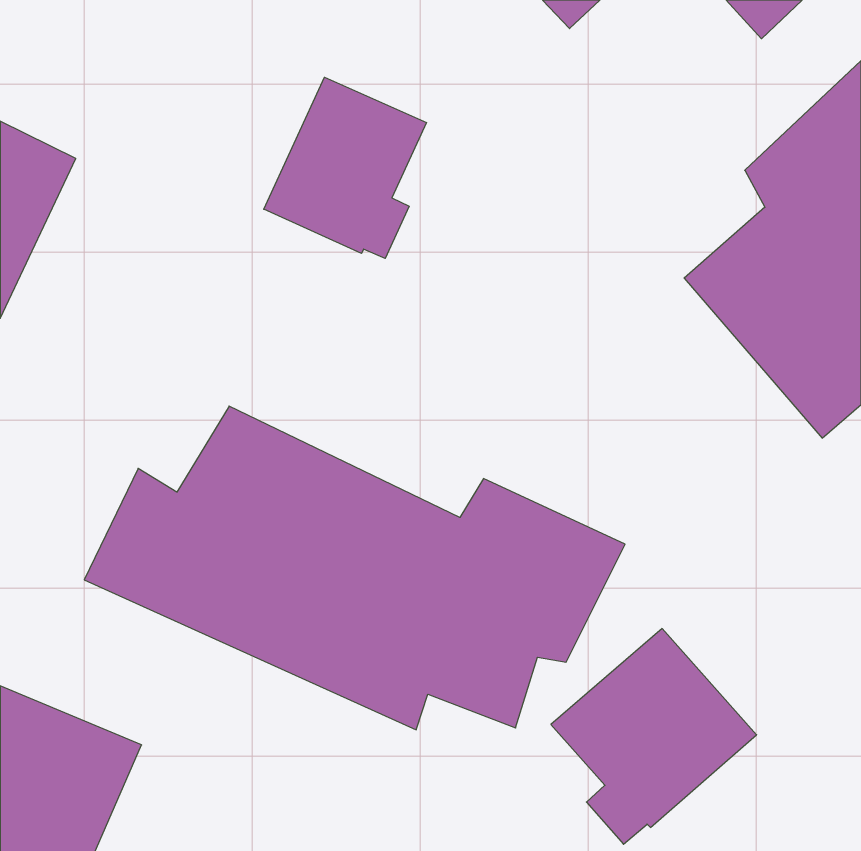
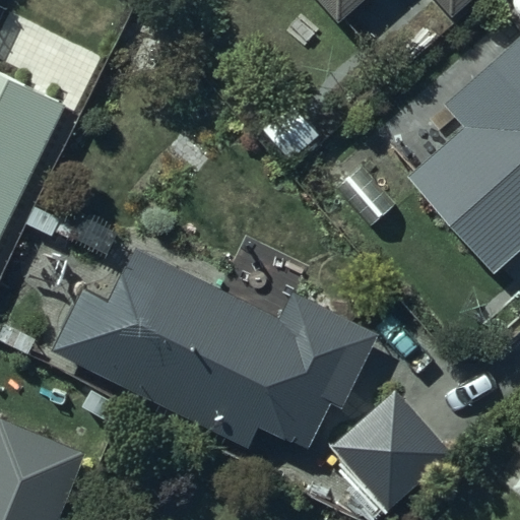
building: [264,77,427,258] -> none

